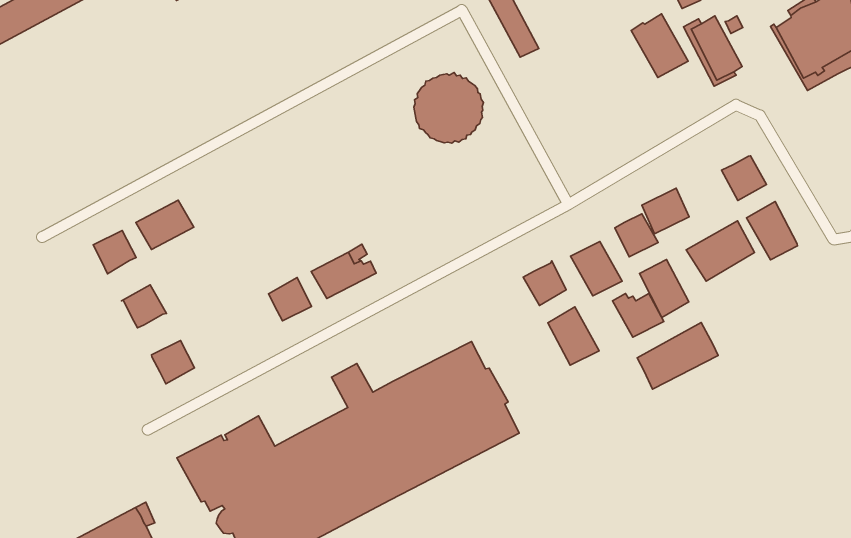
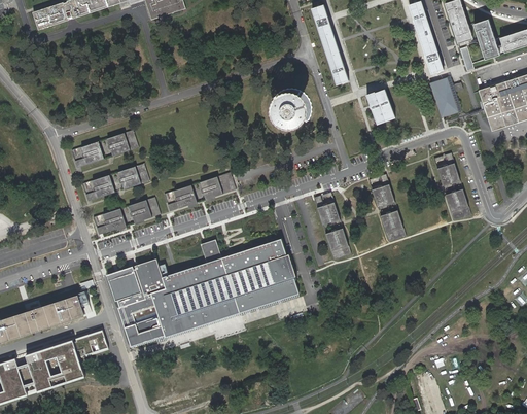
building: [631,14,688,78] -> [365,90,394,125]
building: [642,188,689,234] -> none
building: [686,221,754,281] -> none
building: [570,241,622,296] -> none
building: none -> [117,164,148,189]
building: [613,293,664,337] -> none
building: none -> [128,198,160,223]
building: [637,323,718,389] -> none

